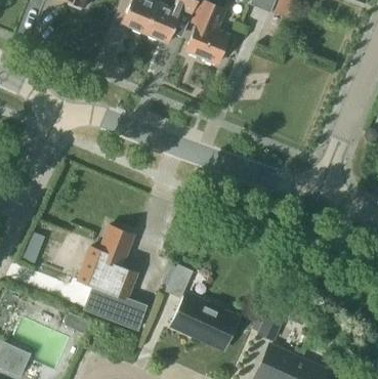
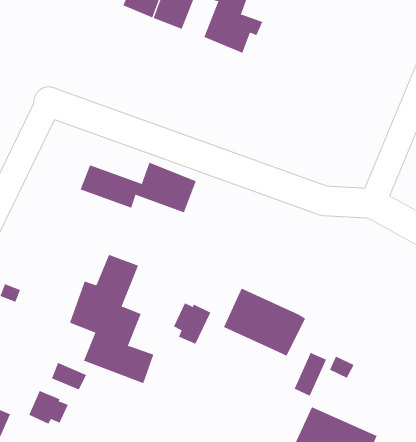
building: none -> [80,162,197,213]
building: [173,294,240,349] -> [223,288,306,357]
building: none -> [29,390,68,425]

